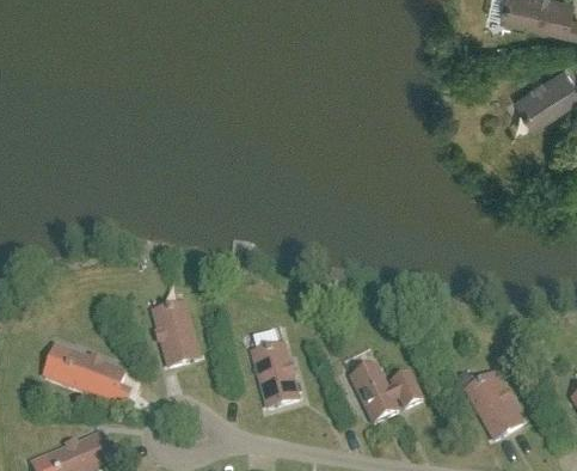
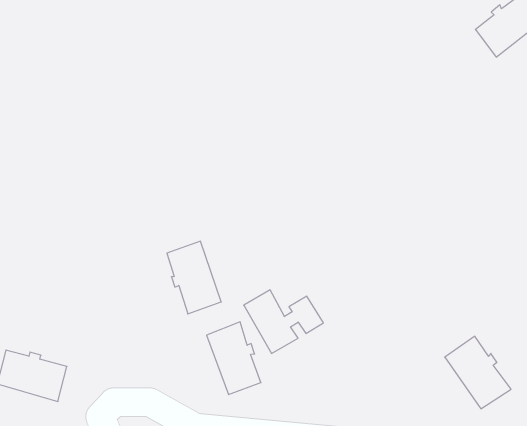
building: [153,302,198,367] -> [167,241,221,314]
building: [351,366,422,423] -> [244,290,323,353]

